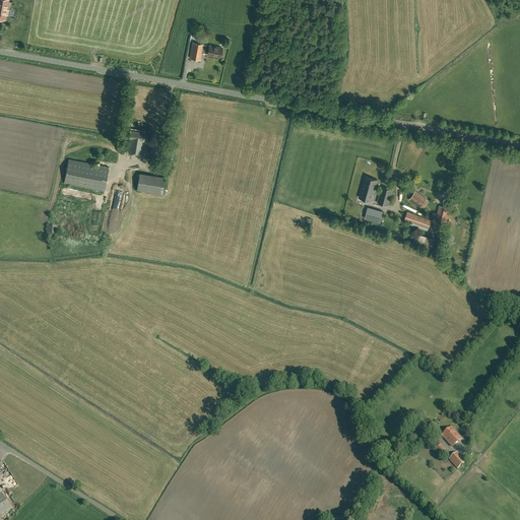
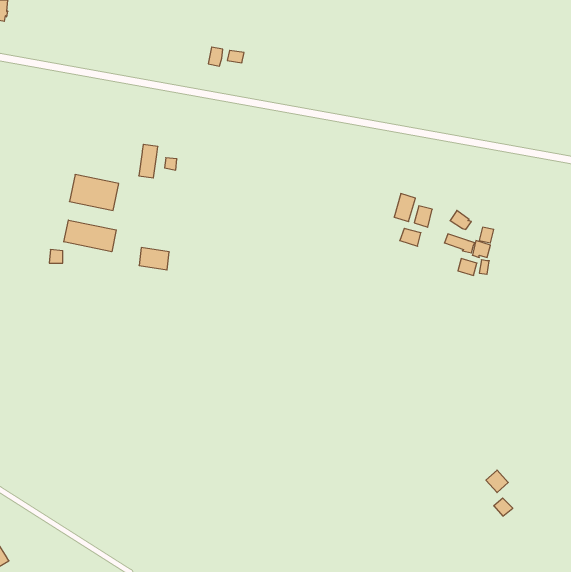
building: [136,174,164,194] -> [139,248,169,270]
building: none -> [64,220,116,252]

